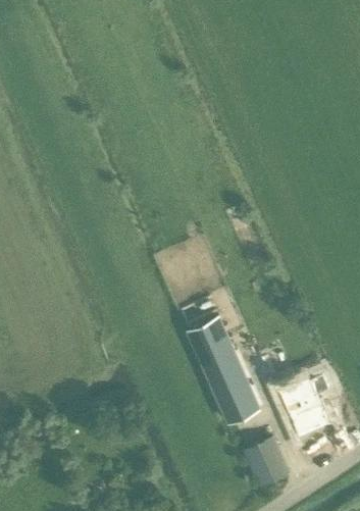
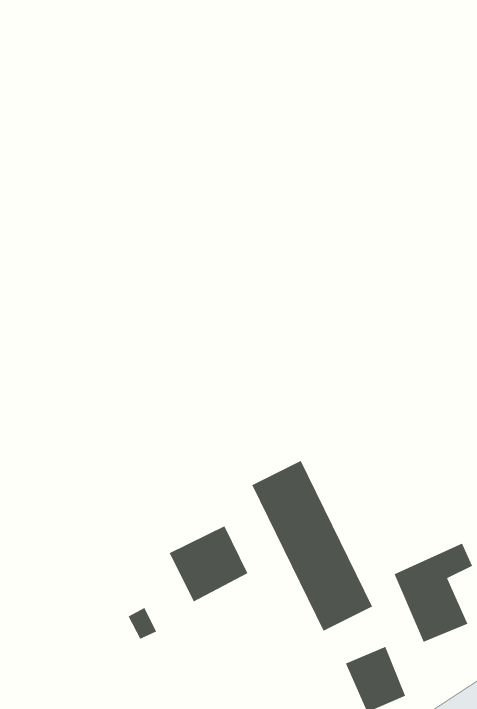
building: none -> [168,525,248,603]

